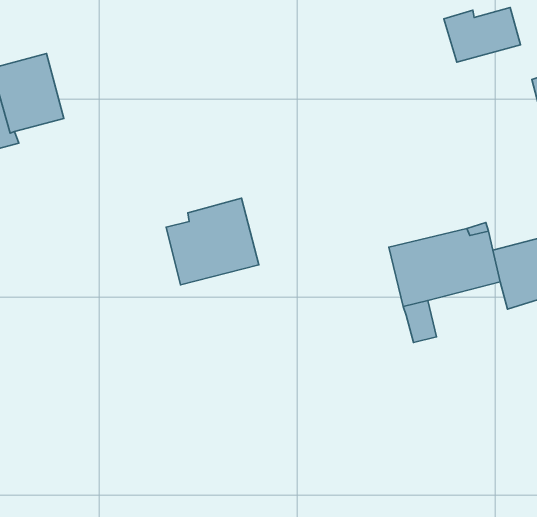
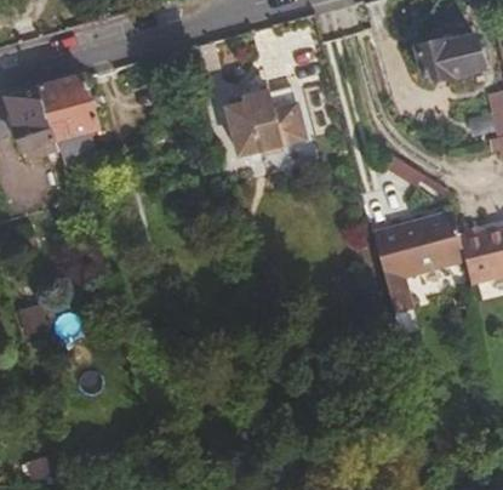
building: [166,198,259,285] -> [227,84,304,156]

